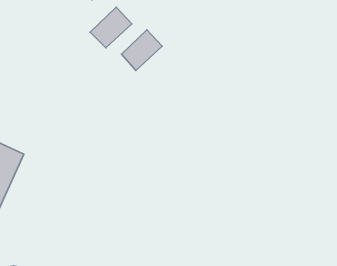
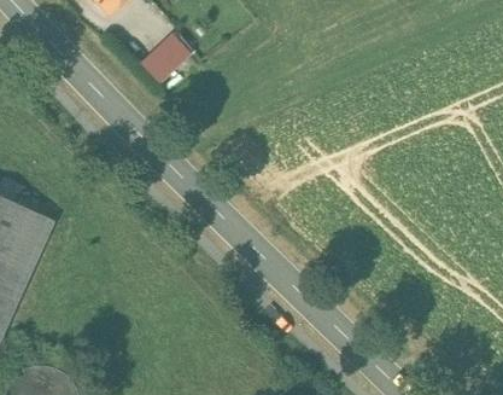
building: [121,30,162,70] -> none

